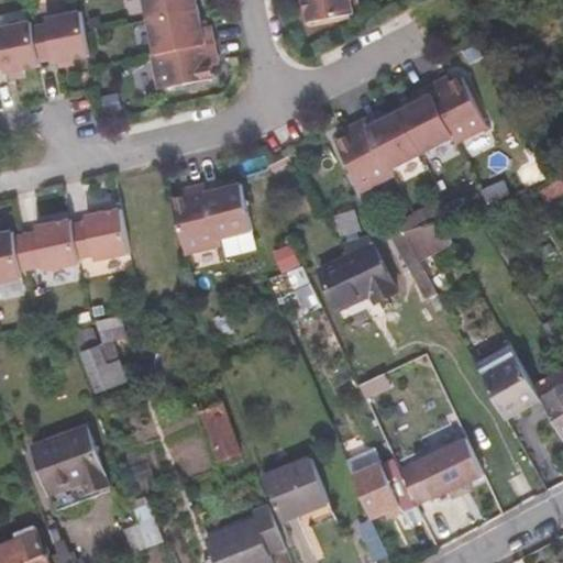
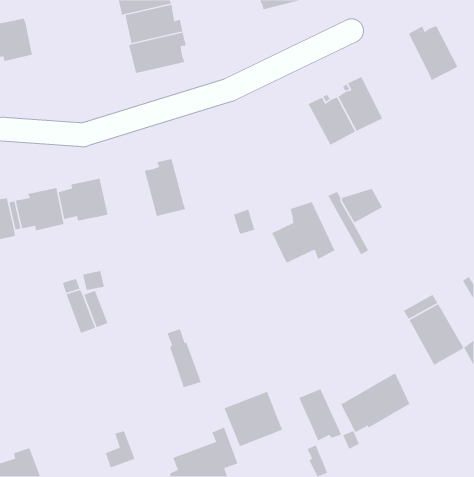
building: [31,10,89,62] -> none
building: [426,79,485,145] -> [408,25,458,81]
building: [334,122,391,194] -> none
building: [202,181,251,240] -> none
building: [32,429,109,494] -> none

